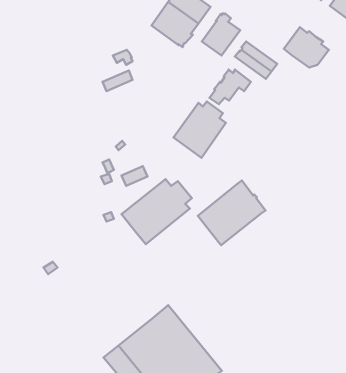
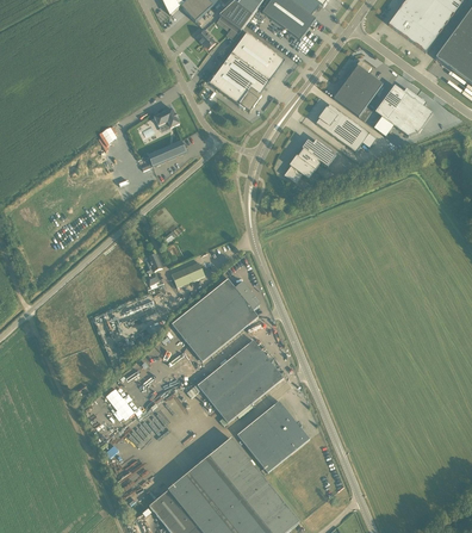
building: [202,13,240,56] -> [333,61,381,114]
building: [173,101,226,158] -> none
building: [198,180,265,245] -> [197,339,282,421]
building: none -> [236,399,309,471]

